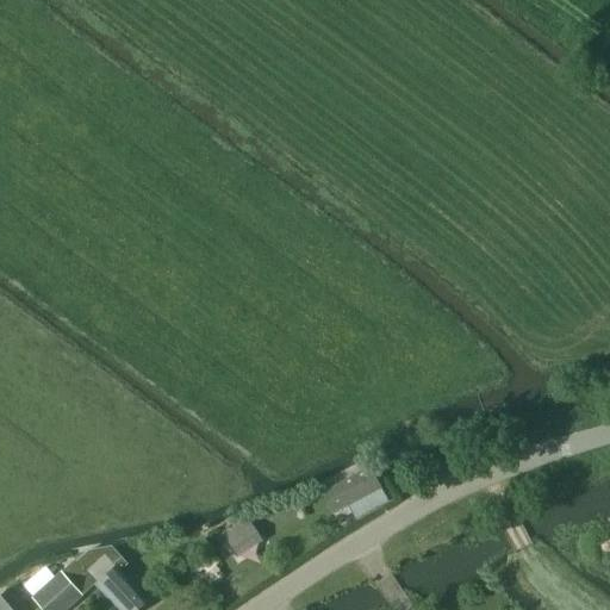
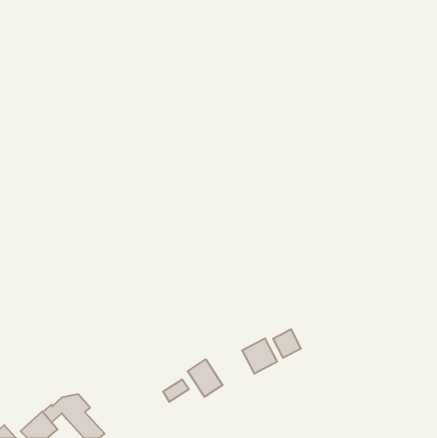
building: none -> [273,329,301,358]
building: none -> [188,359,223,397]

